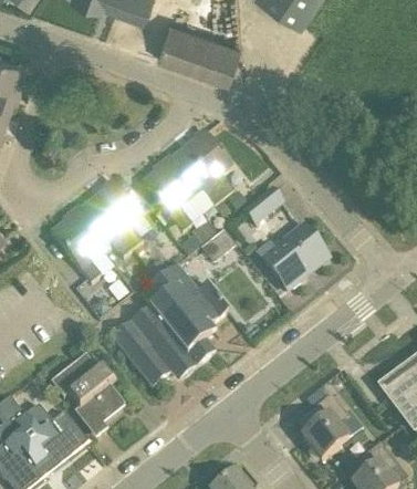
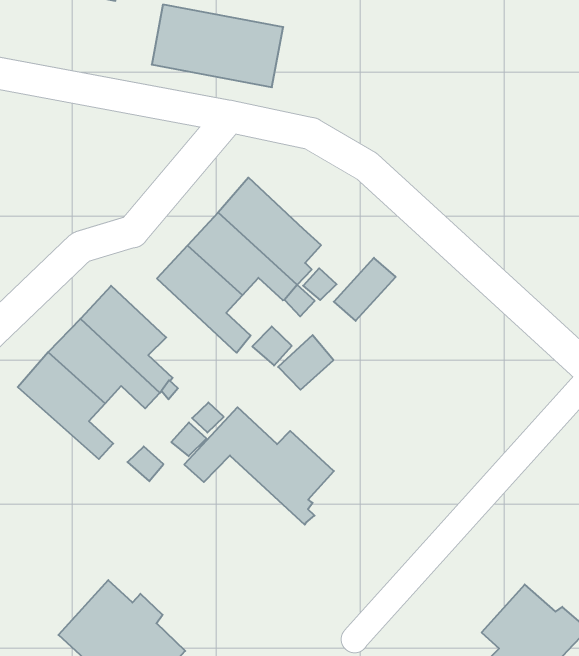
building: [263,229,329,293] -> none
building: [112,295,217,391] -> none

